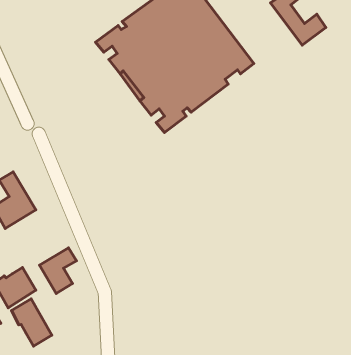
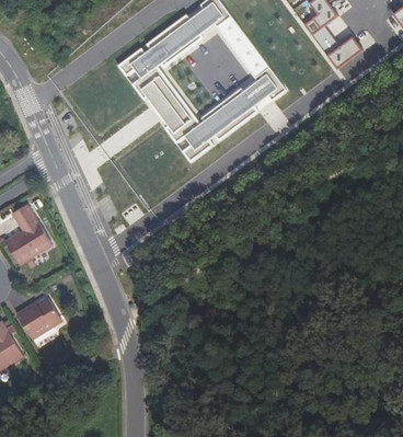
building: [40,248,76,294] -> none
building: [11,299,52,346] -> none

